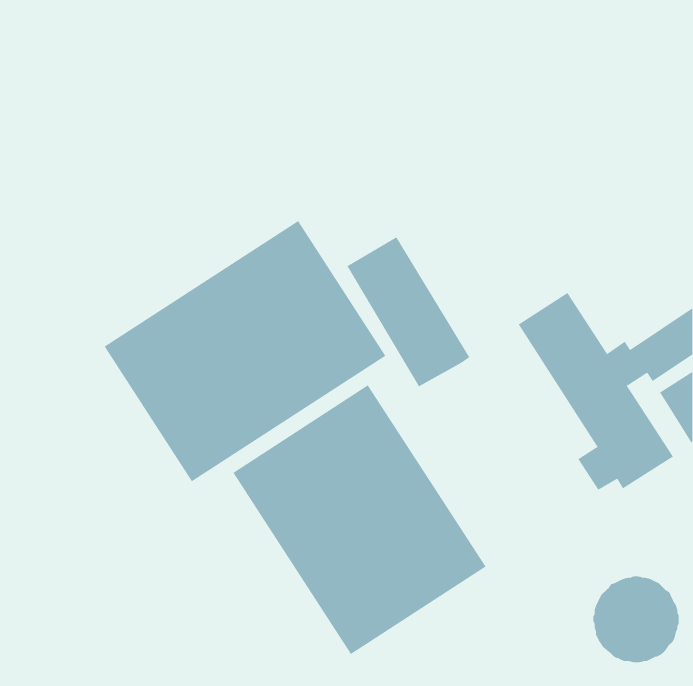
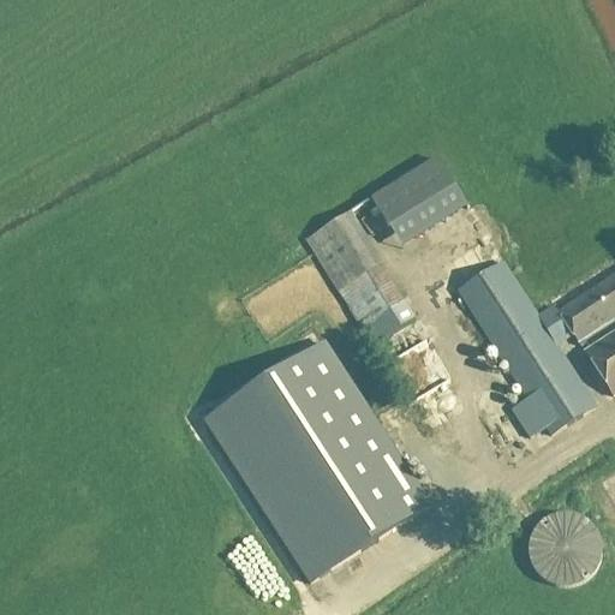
building: none -> [368,159,468,253]
building: [104,220,386,482] -> none

